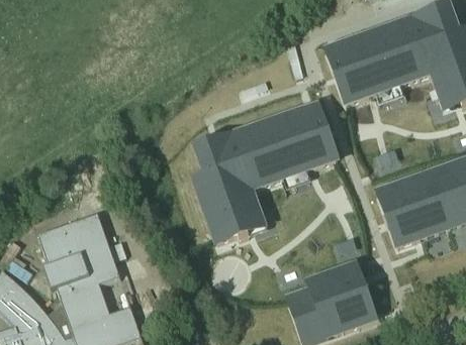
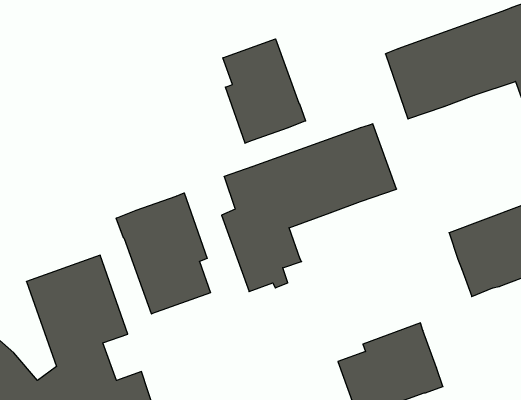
building: none -> [223,39,306,143]
building: none -> [116,193,211,314]

